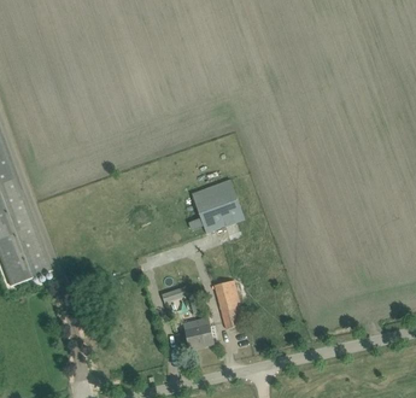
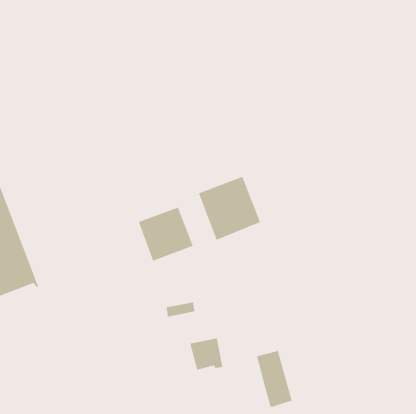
building: none -> [138,207,193,262]
building: [213,280,245,329] -> [256,351,293,408]

